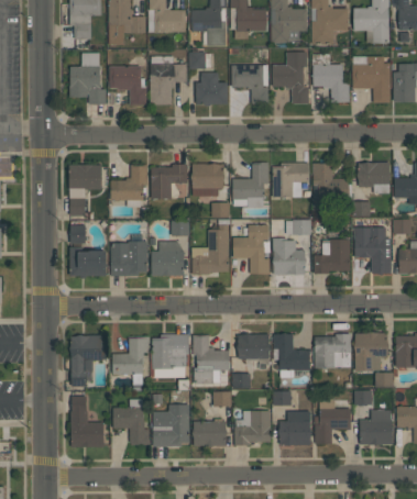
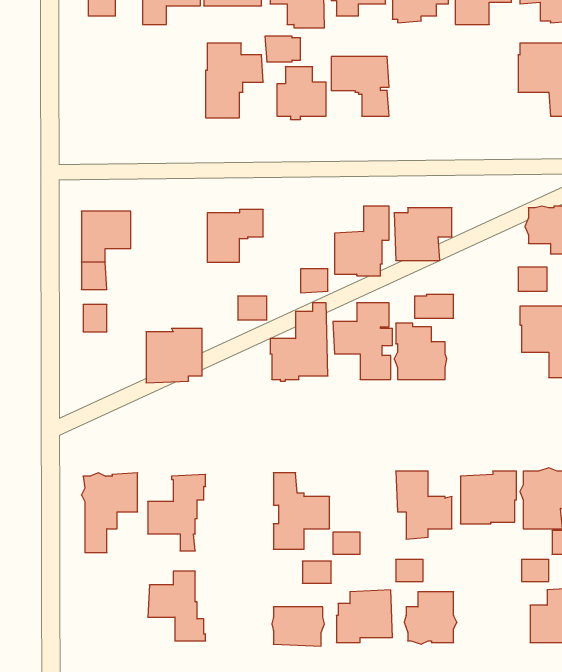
building: [69,52,106,103] -> none
building: [272,52,308,102] -> none
building: [311,53,350,102] -> none
building: [109,65,146,104] -> none
building: [190,163,224,196] -> none
building: [312,163,349,210] -> none
building: [111,164,146,207] -> none
building: [314,239,350,273] -> none
building: [152,241,184,275] -> none
building: [70,247,106,278] -> none
building: [151,333,189,378] -> none
building: [237,333,271,358] -> none
building: [70,396,103,446] -> none
building: [315,398,351,443] -> none
building: [153,404,189,446] -> none

